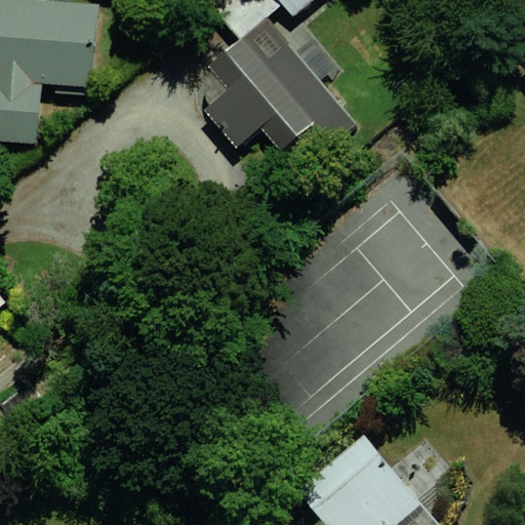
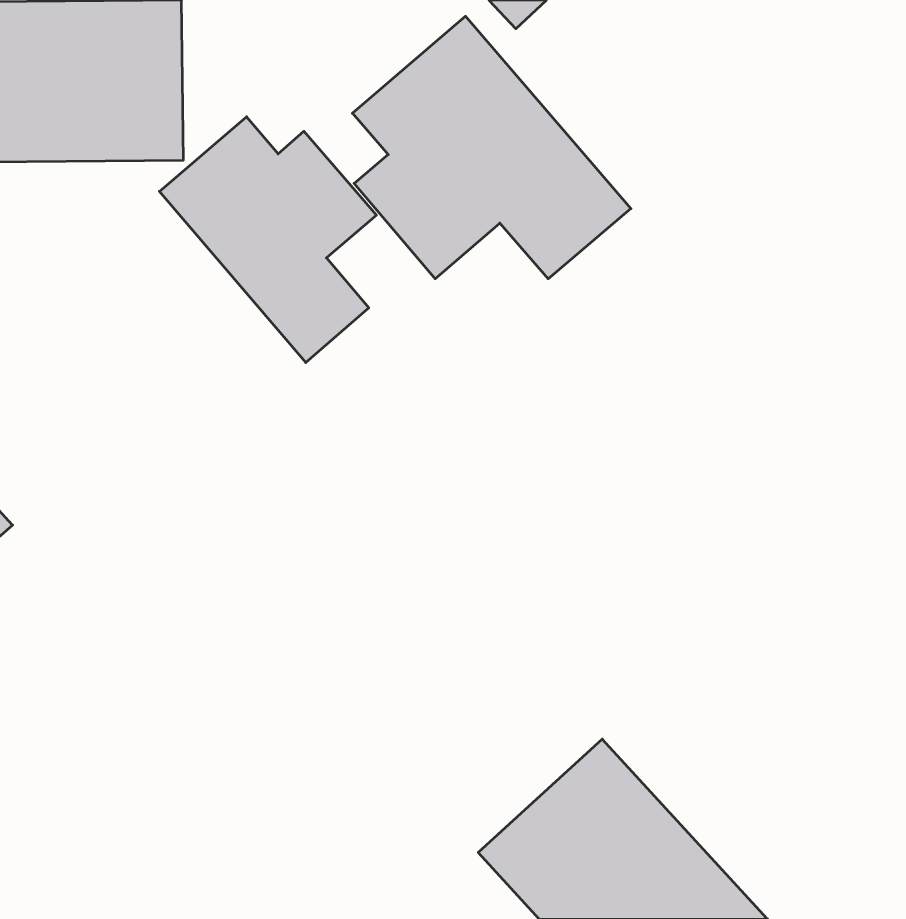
building: none -> [159,117,376,363]

